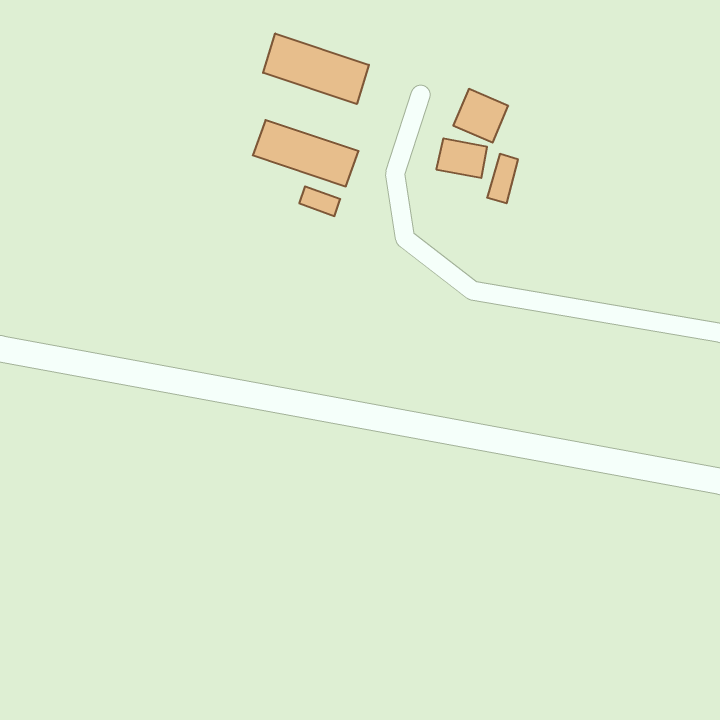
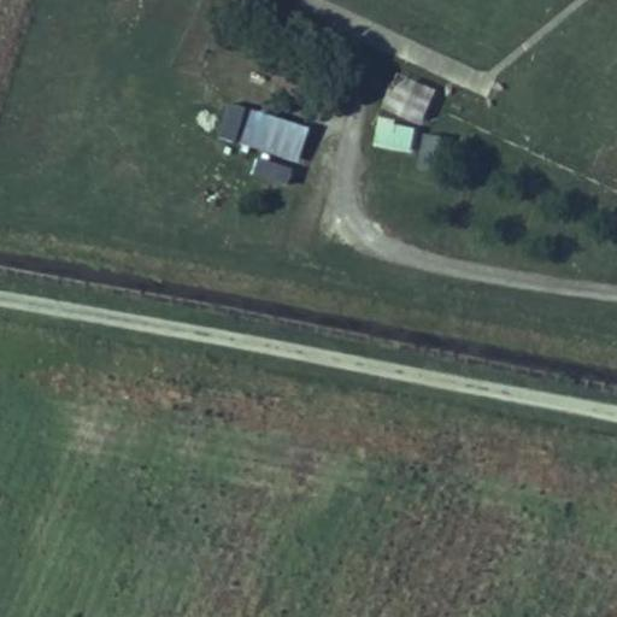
building: [263,33,369,104] -> none

